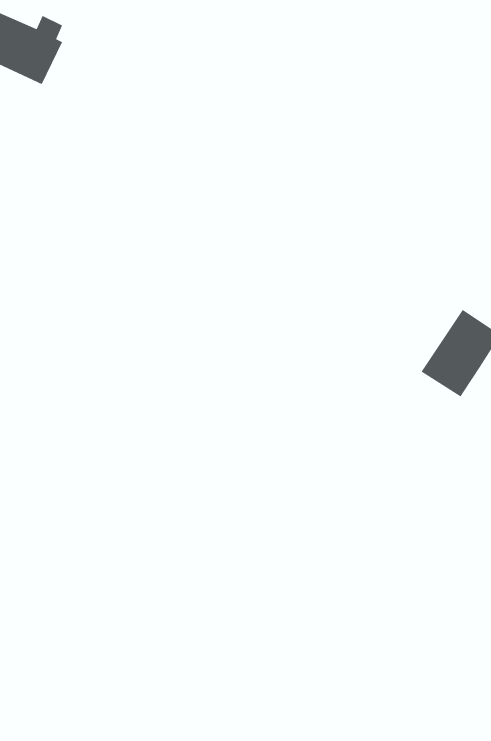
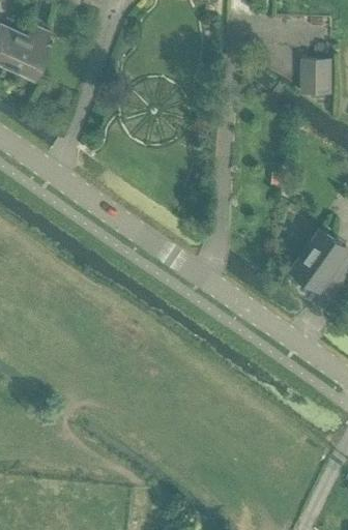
building: none -> [306,60,329,92]

